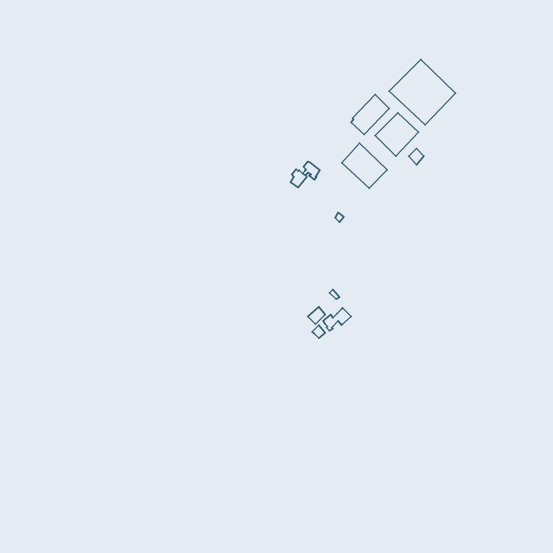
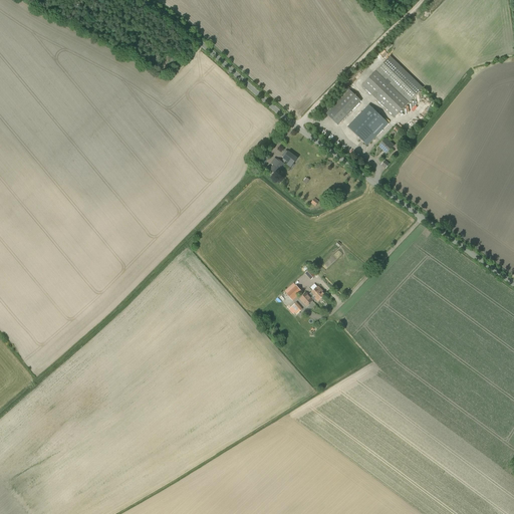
building: [342,143,387,188] -> none

